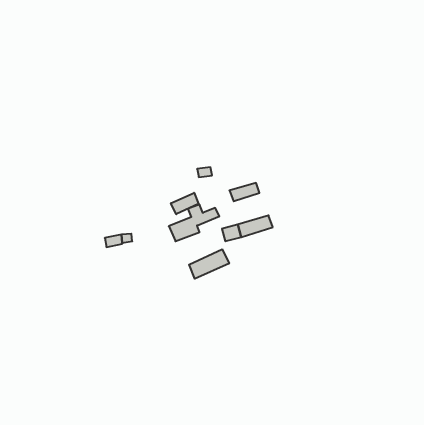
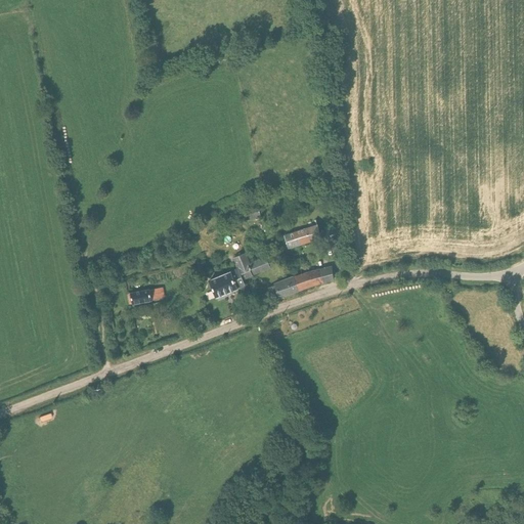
building: [171,193,199,214] -> none
building: [189,249,229,279] -> none

